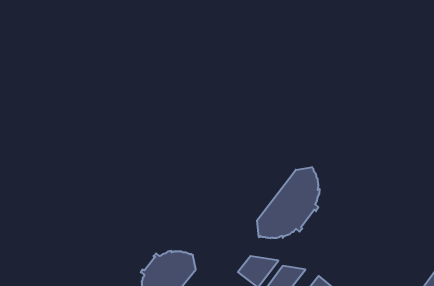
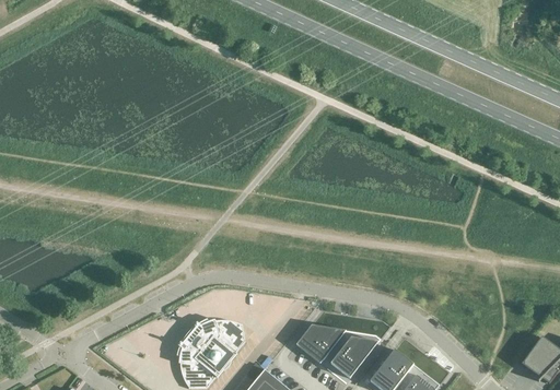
building: [257,167,320,238] -> none

